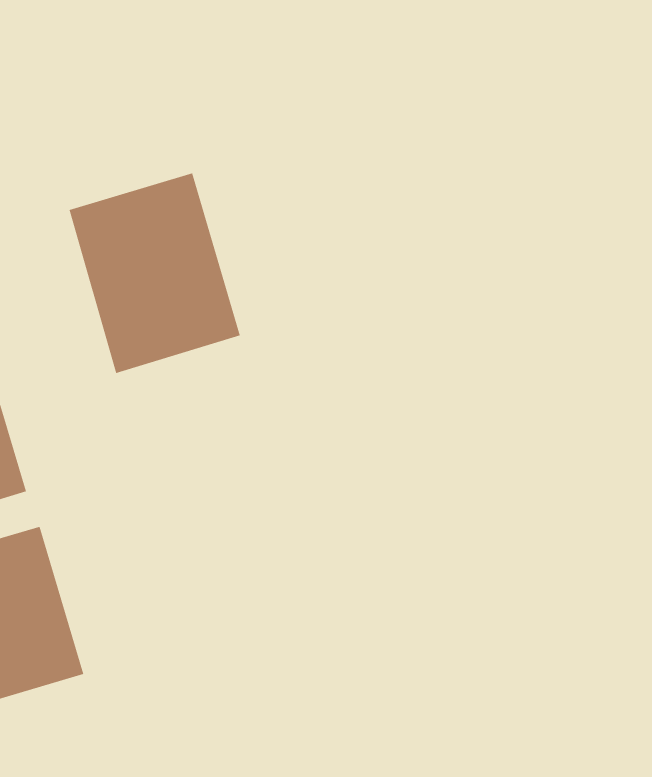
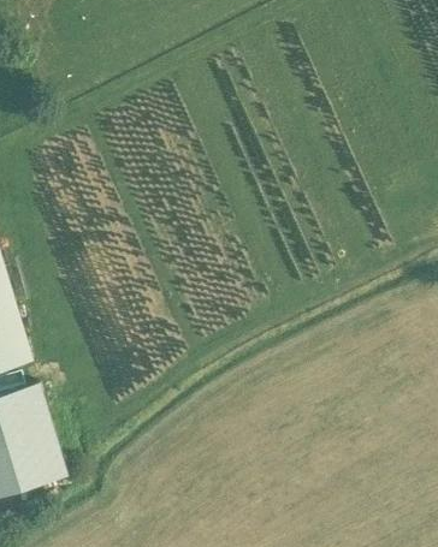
building: [69,173,241,374] -> none

